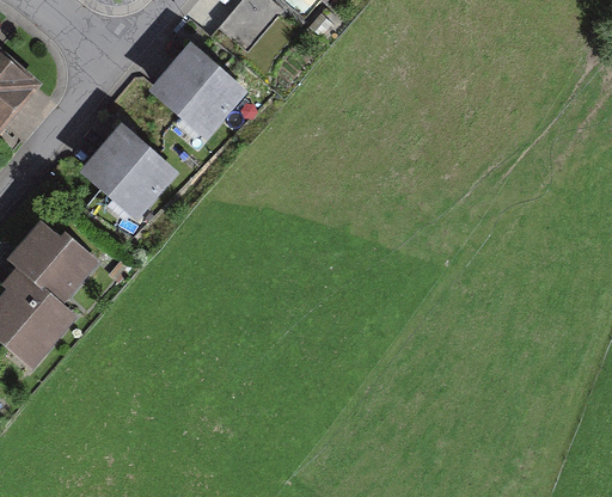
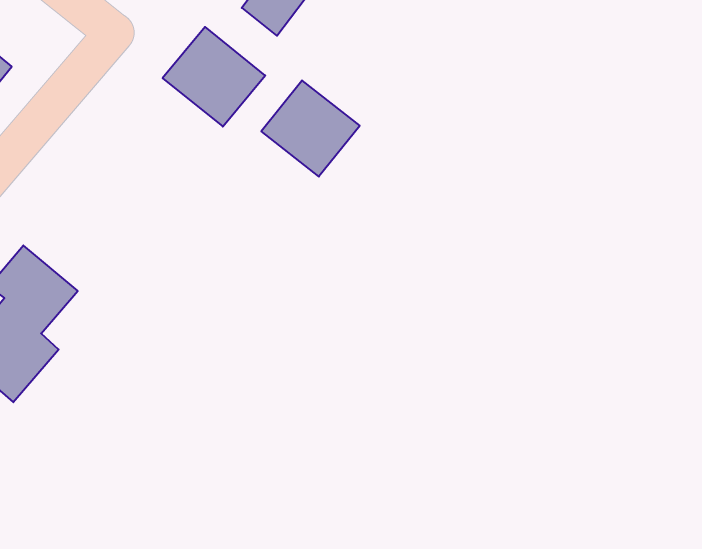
building: none -> [261,80,360,177]
building: [88,130,167,207] -> none

